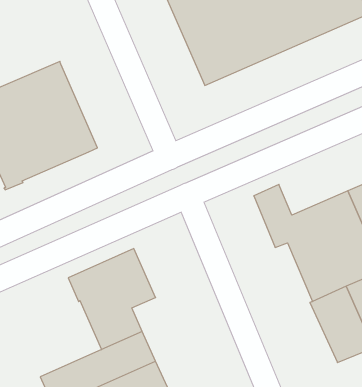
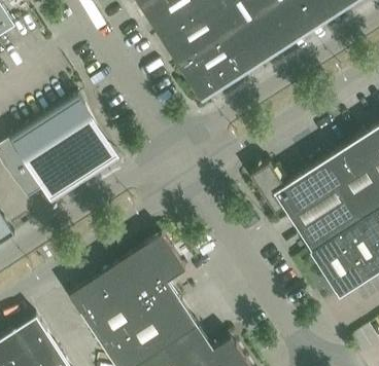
building: none -> [69,266,150,349]

